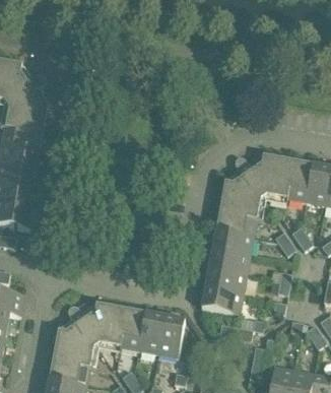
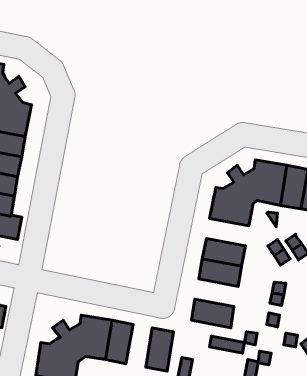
building: [216,210,257,237] -> none
building: [205,268,247,294] -> none
building: [139,312,164,352] -> none

